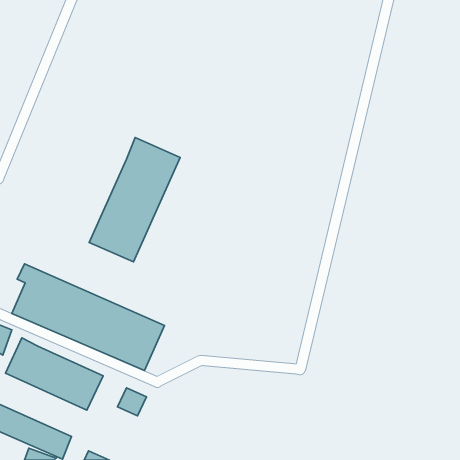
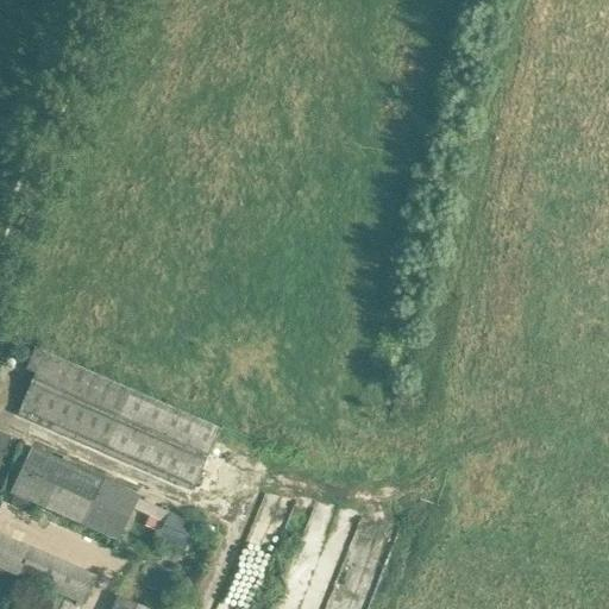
building: [89,138,180,262] -> none

